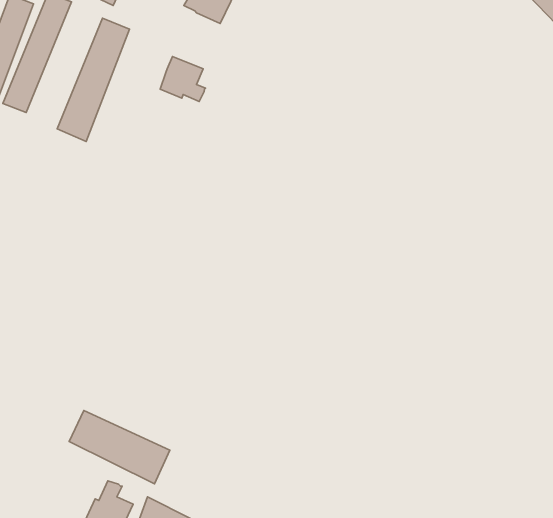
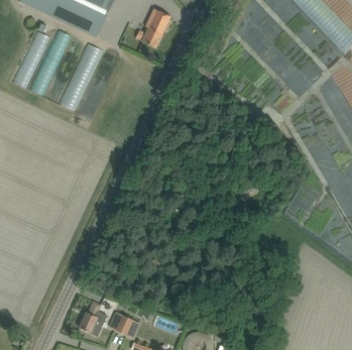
building: [160,57,206,101] -> none
building: [69,411,170,484] -> none

